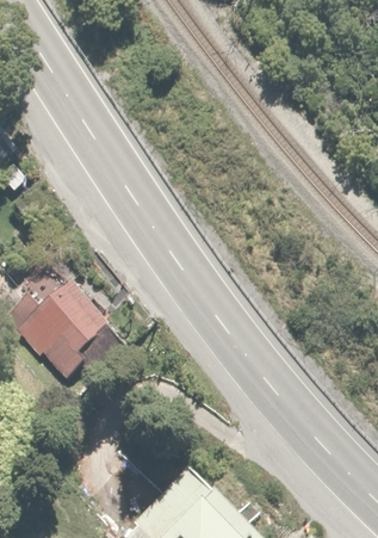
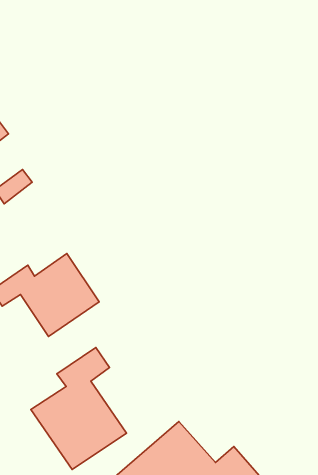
building: none -> [31,348,126,470]

